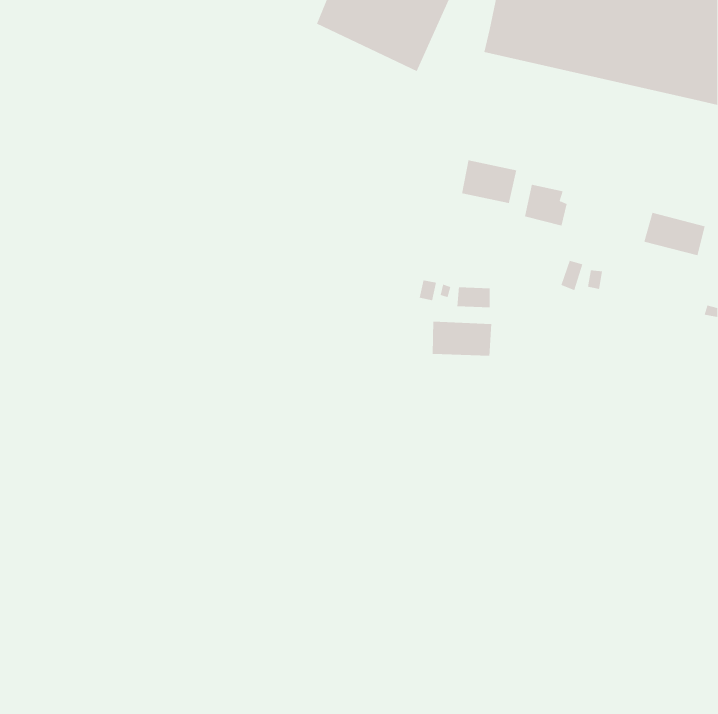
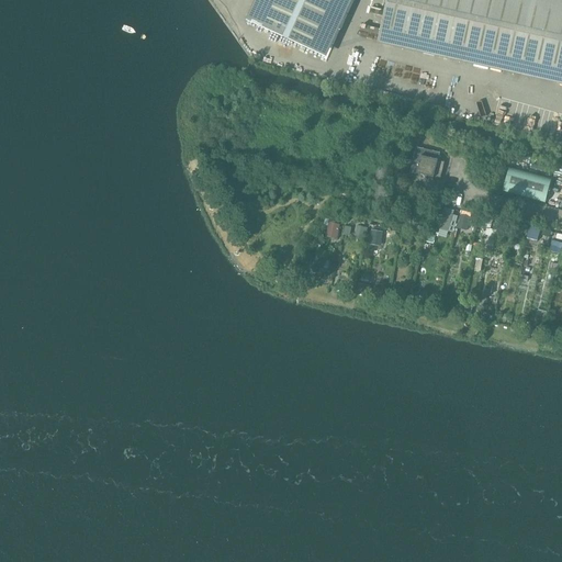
building: [461,159,517,204] -> none
building: [432,321,492,357] -> none

